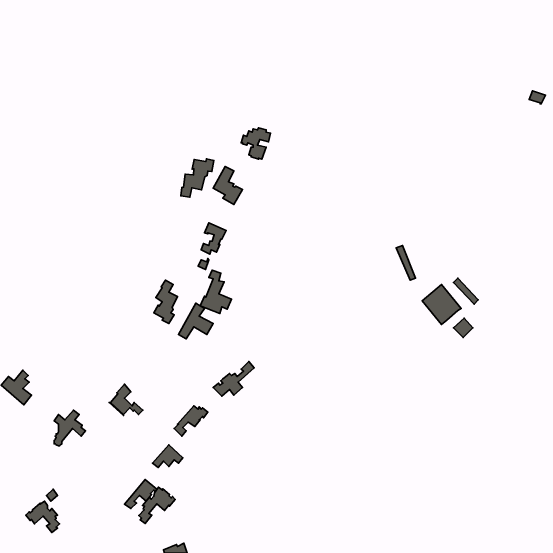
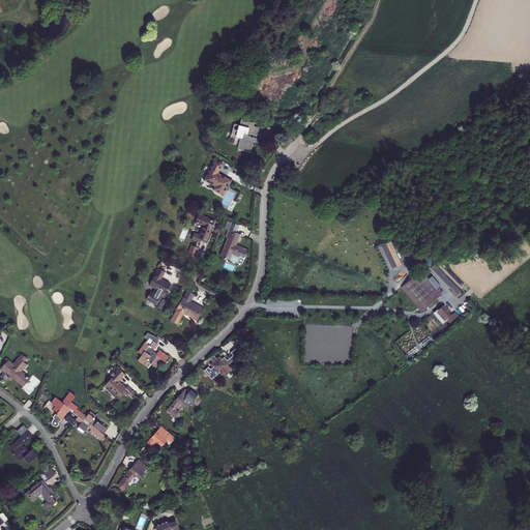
building: [181,159,214,197] -> none
building: [200,270,232,313] -> [218,223,248,264]
building: none -> [138,333,169,367]
building: none -> [76,411,108,440]
building: none -> [10,424,38,463]
building: [139,487,175,523] -> none

